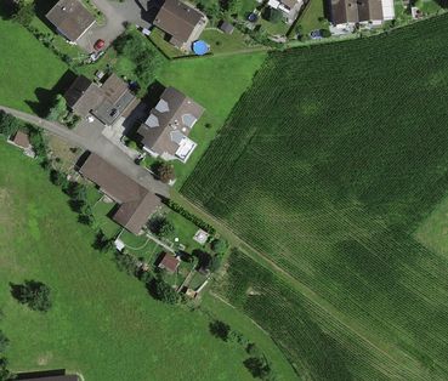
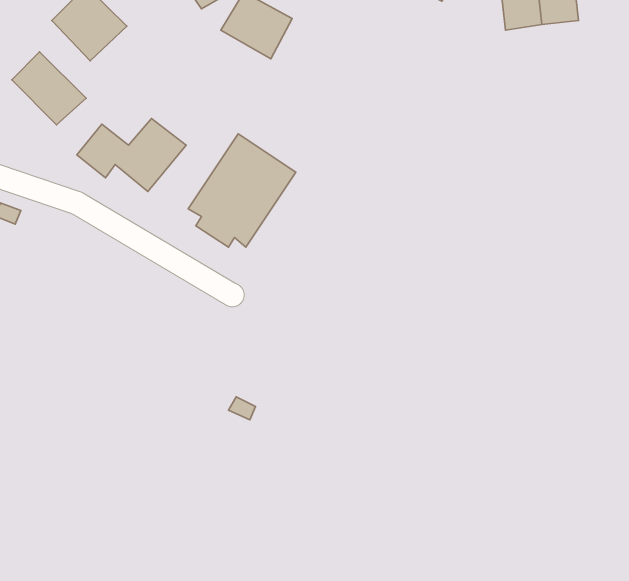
building: none -> [12,52,86,125]
building: [79,153,158,228] -> none

